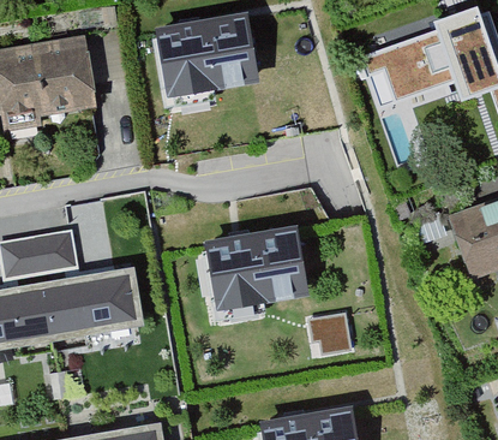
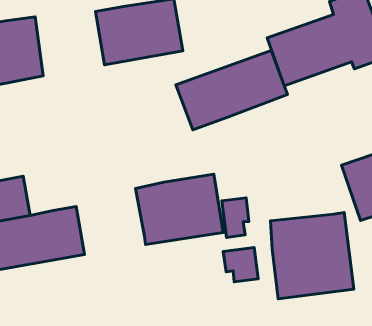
building: none -> [176,50,287,130]
building: none -> [222,198,249,237]
building: none -> [271,213,354,299]

